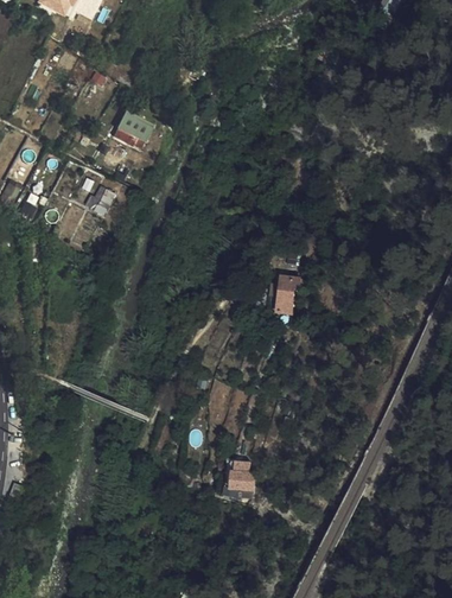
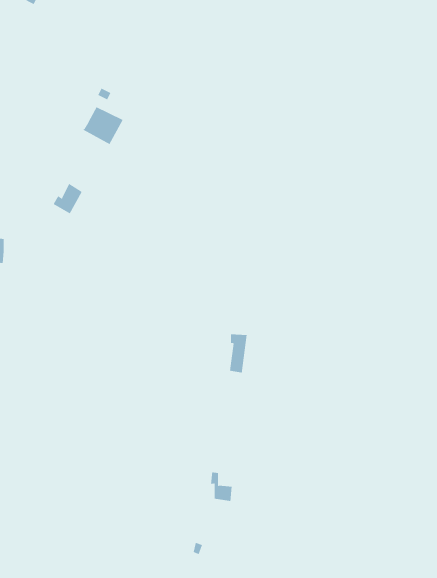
building: [278,275,295,313] -> [229,334,248,373]

